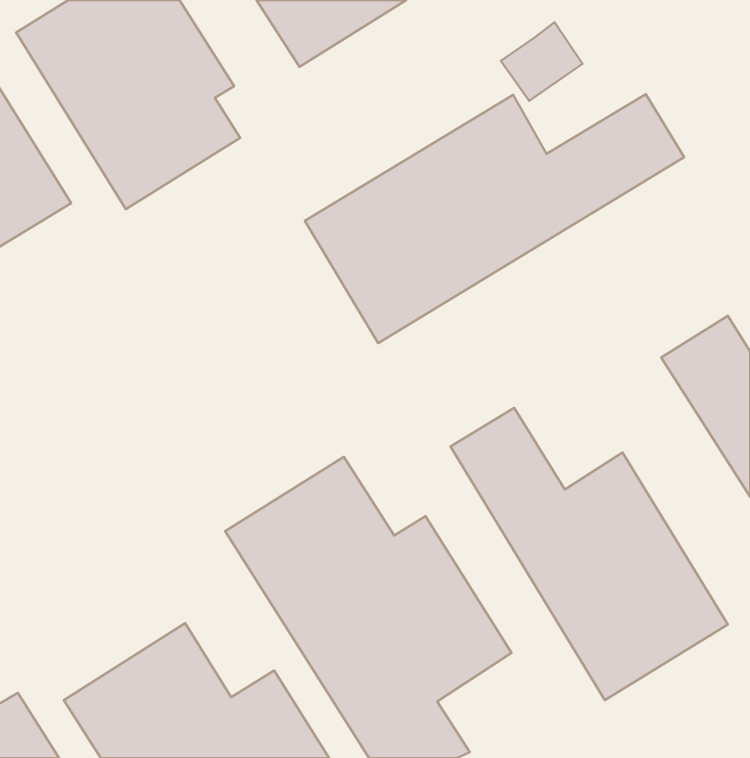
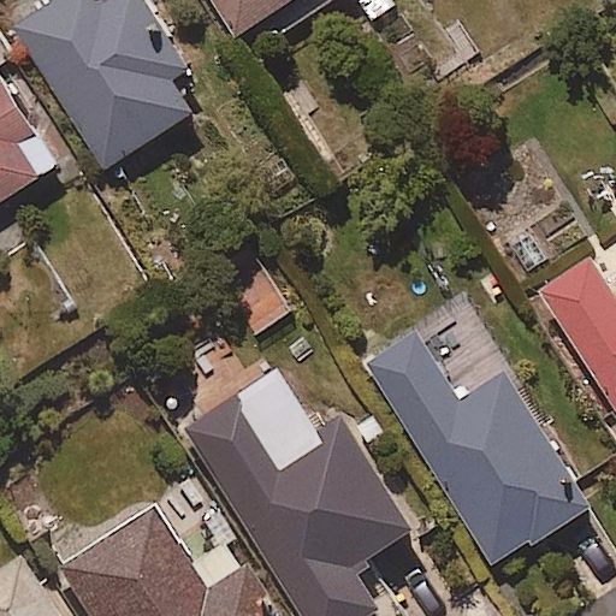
building: [305,94,684,343] -> none

